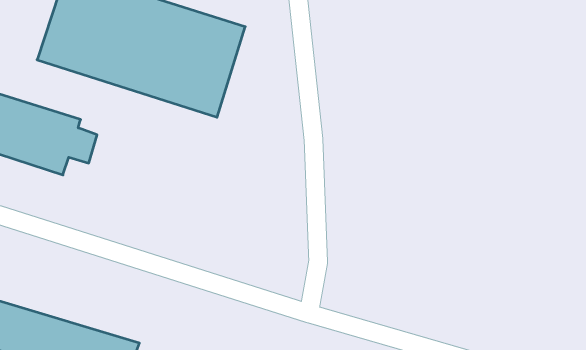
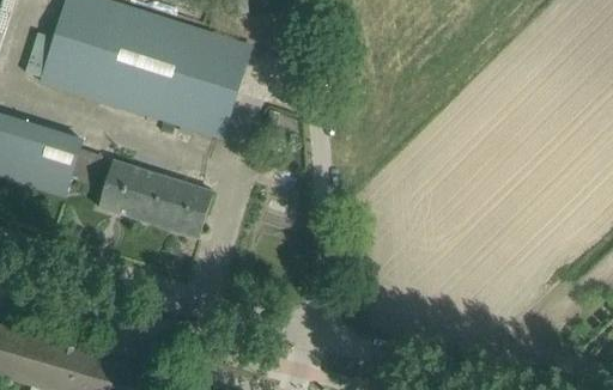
building: none -> [97,160,213,237]

